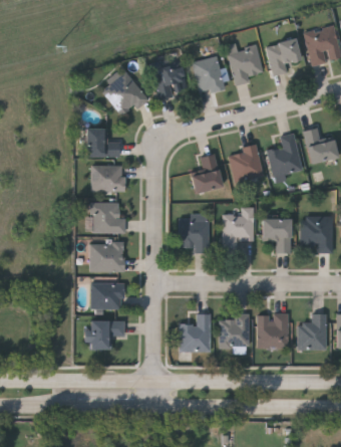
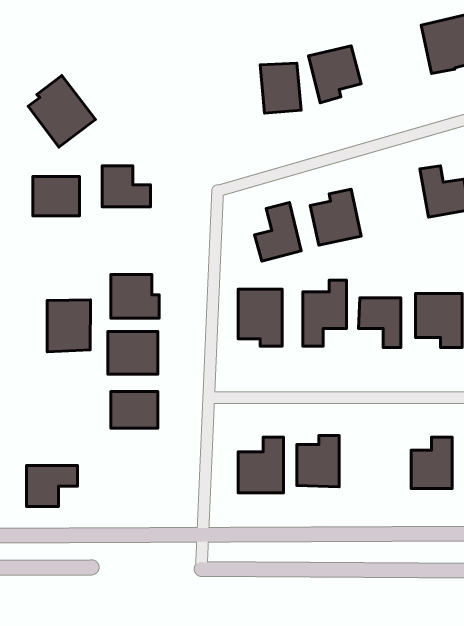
building: [266,39,299,75] -> none
building: [151,61,187,98] -> none
building: [101,69,147,119] -> [28,75,95,147]
building: [267,134,301,176] -> none
building: [91,165,123,192] -> [33,176,80,216]
building: none -> [47,300,90,352]
building: [257,314,288,349] -> none
building: [88,321,123,350] -> [26,466,78,507]

